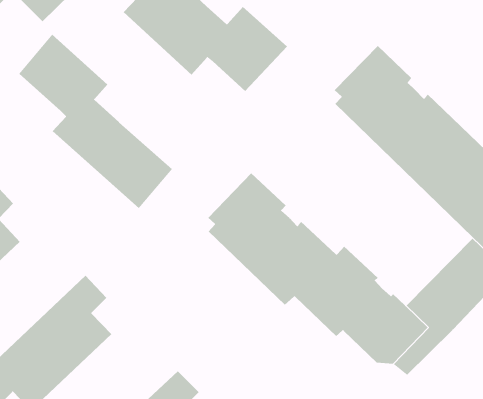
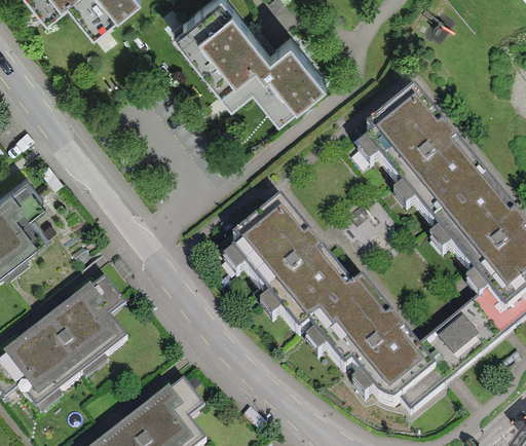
building: [18,34,173,209] -> none

